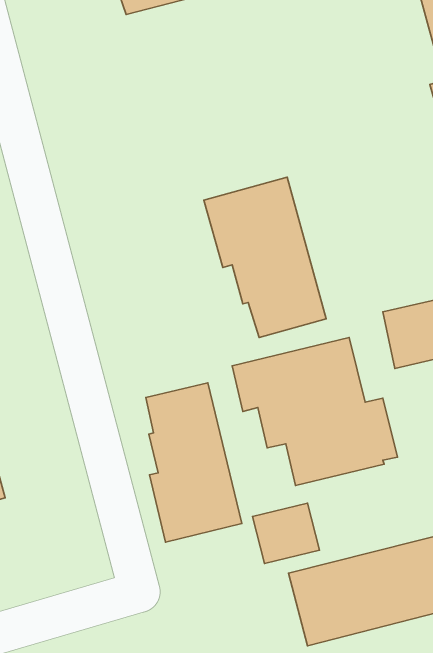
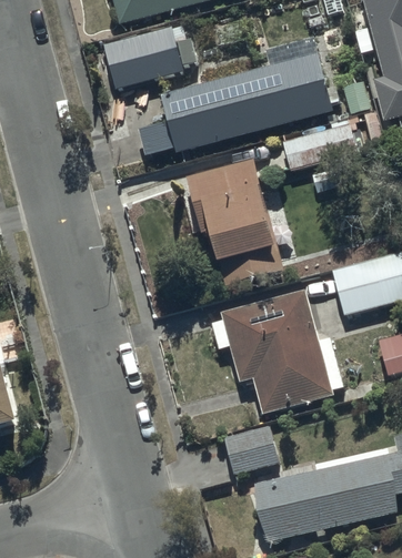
building: none -> [101,24,198,90]
building: none -> [139,35,334,156]
building: [146,383,242,542] -> none

